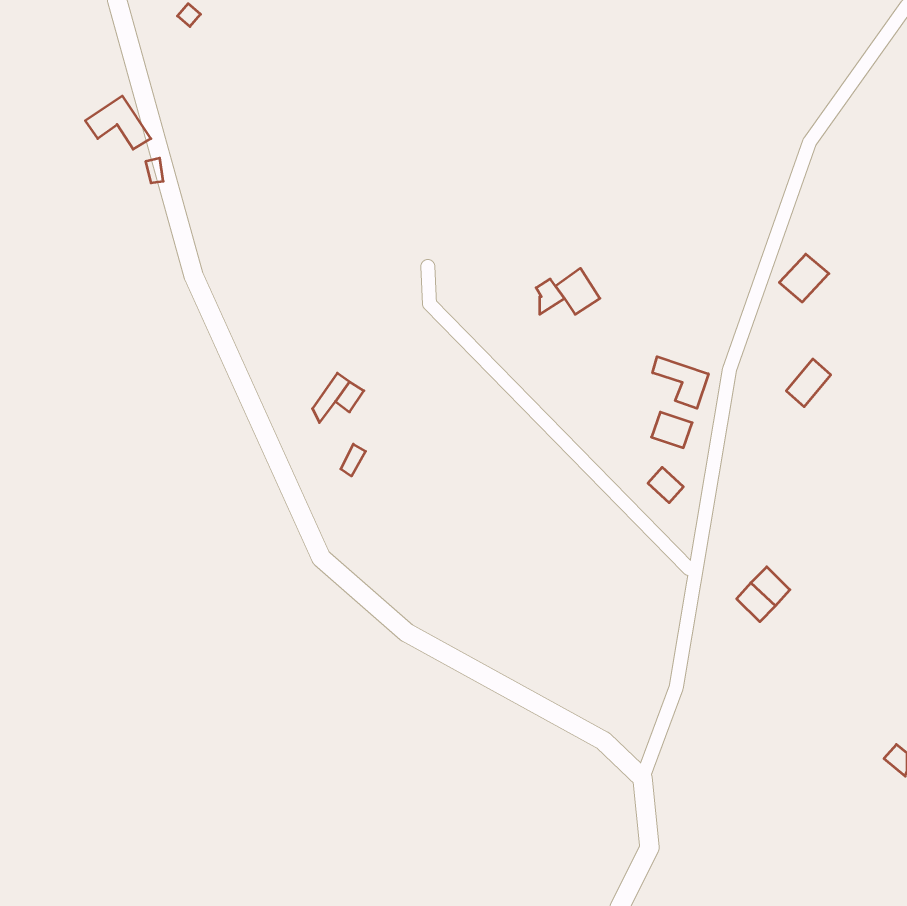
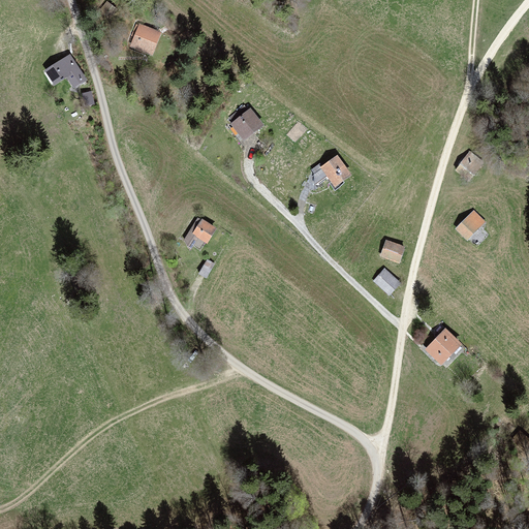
building: none -> [135,24,162,53]
building: none -> [230,110,260,136]
building: [653,357,708,408] -> none

